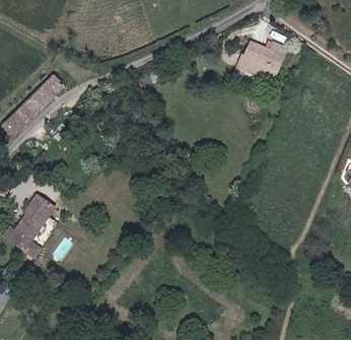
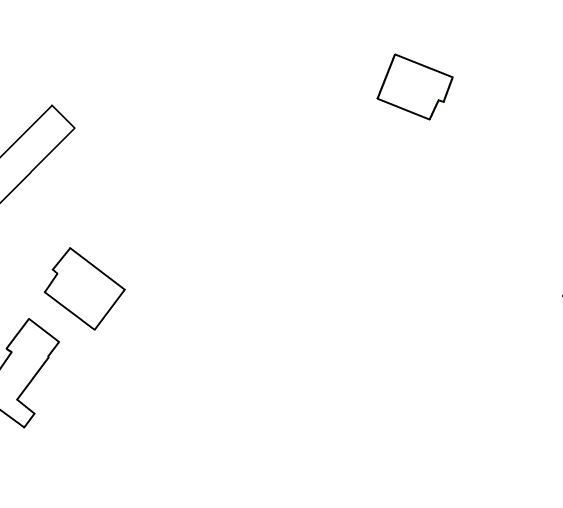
building: none -> [45,248,125,330]

